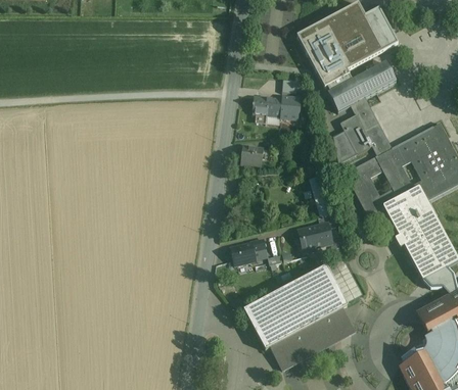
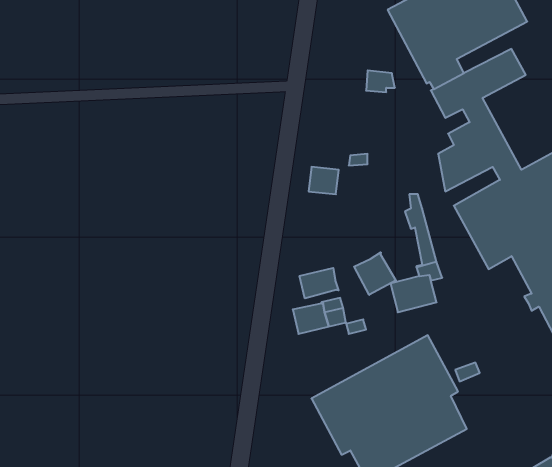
building: [251,95,299,117] -> none
building: none -> [354,252,396,295]
building: none -> [300,268,339,298]

